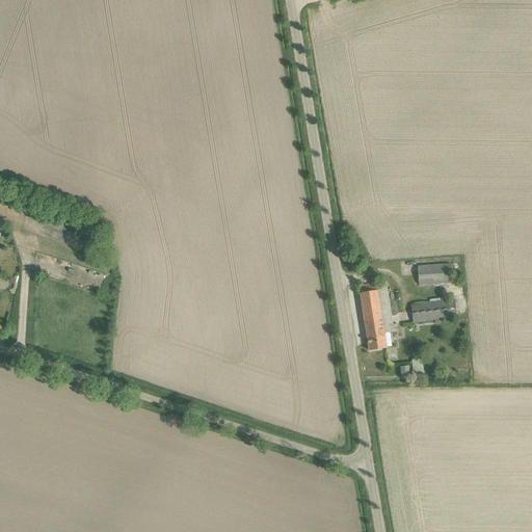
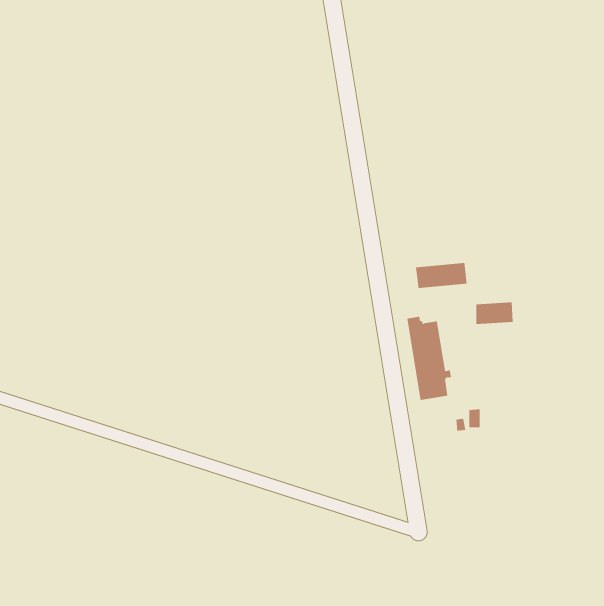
building: [407,299,453,322] -> [415,262,468,289]

